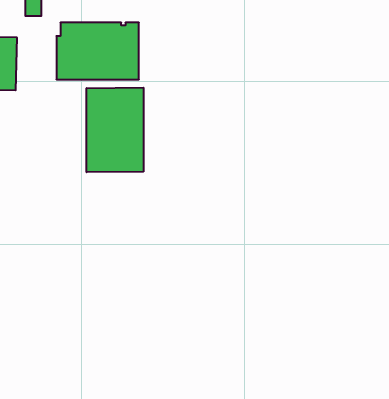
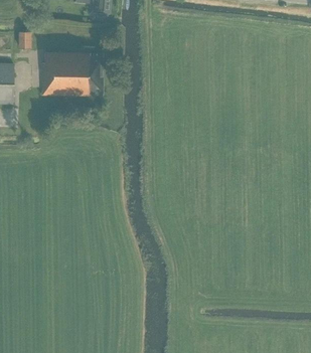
building: [87,88,143,172] -> none

